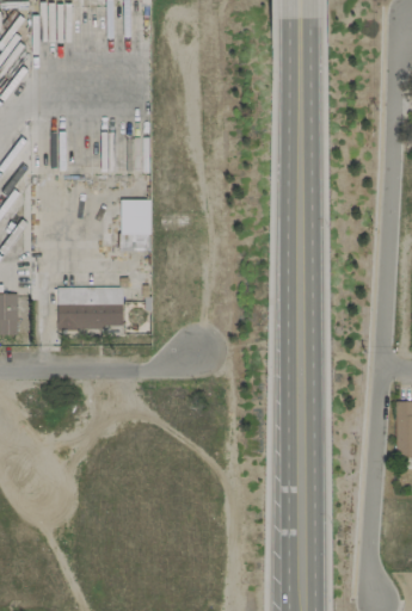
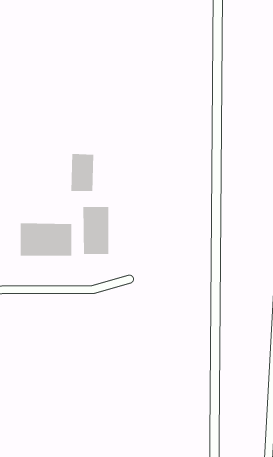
building: none -> [83,206,109,255]

